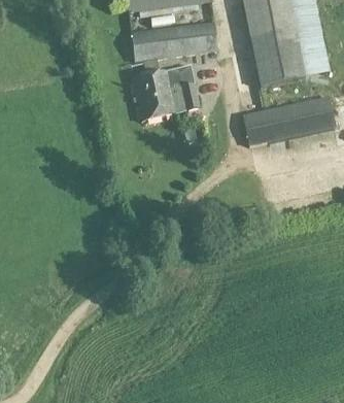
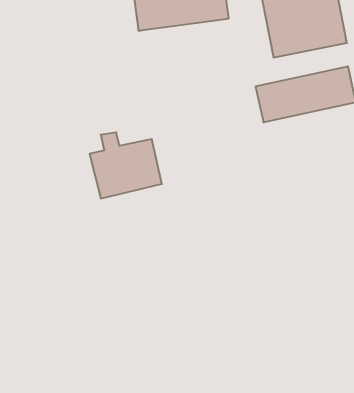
building: [133,59,200,120] -> [90,132,162,198]

